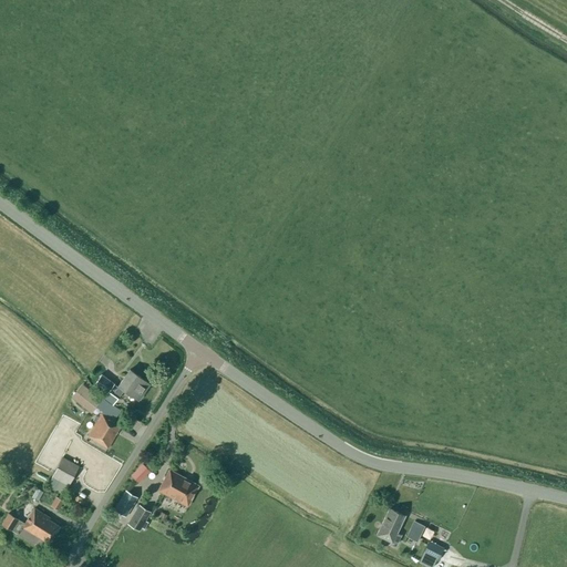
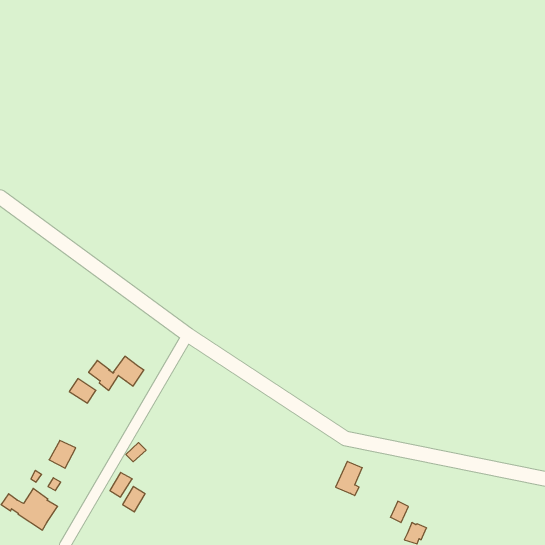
building: [87,414,121,449] -> none
building: [158,470,198,506] -> none
building: [375,508,403,544] -> [336,461,362,496]

